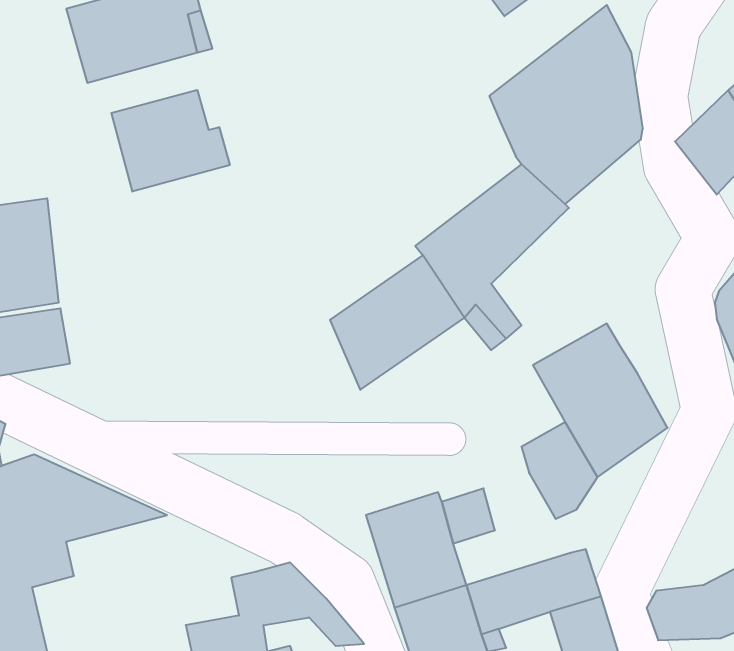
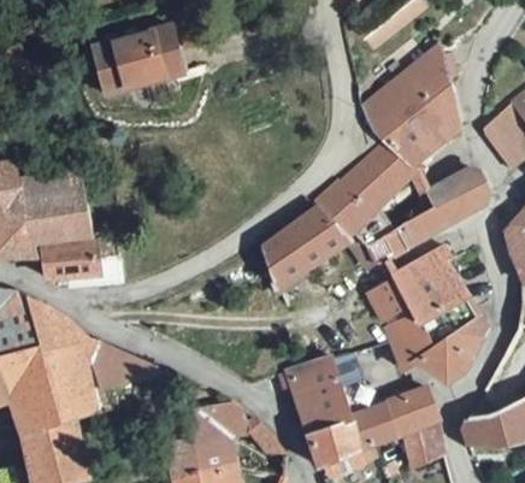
building: [111,90,230,192] -> none
building: none -> [384,171,488,251]
building: none -> [361,275,411,326]
building: none -> [418,314,480,382]

